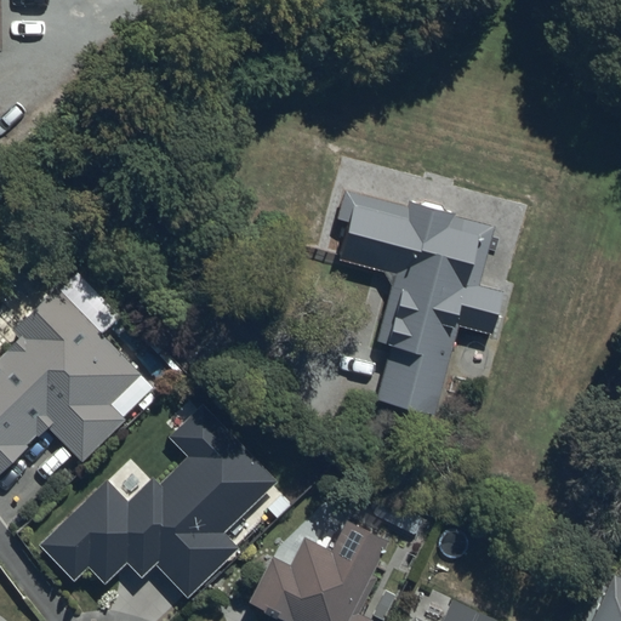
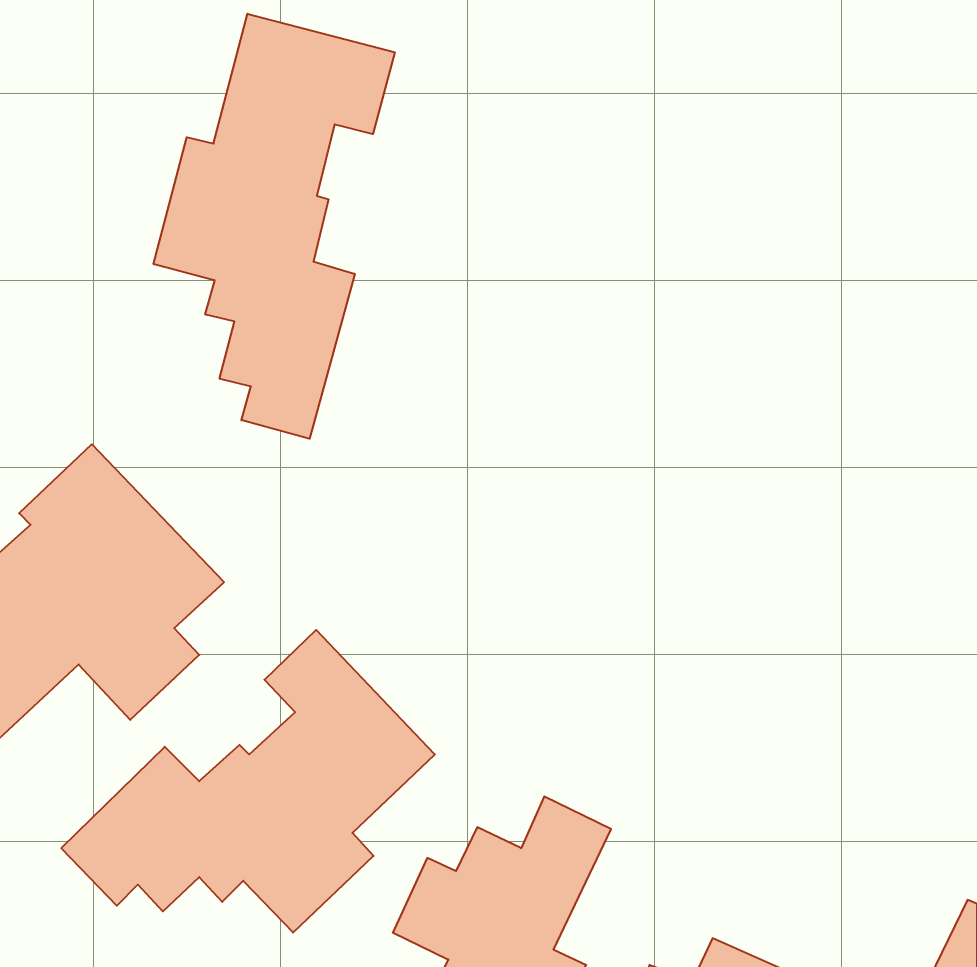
building: none -> [154,14,395,439]
building: [337,189,502,416] -> none

